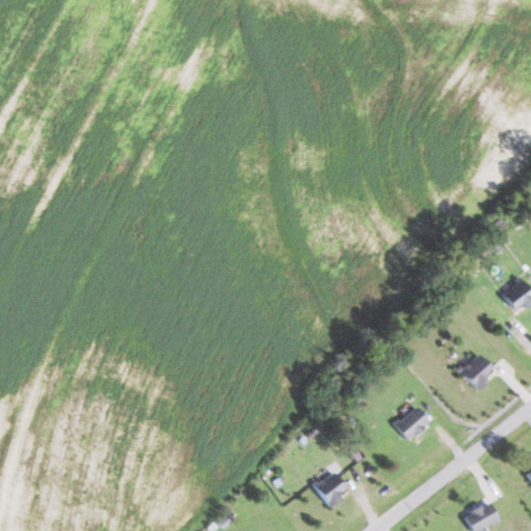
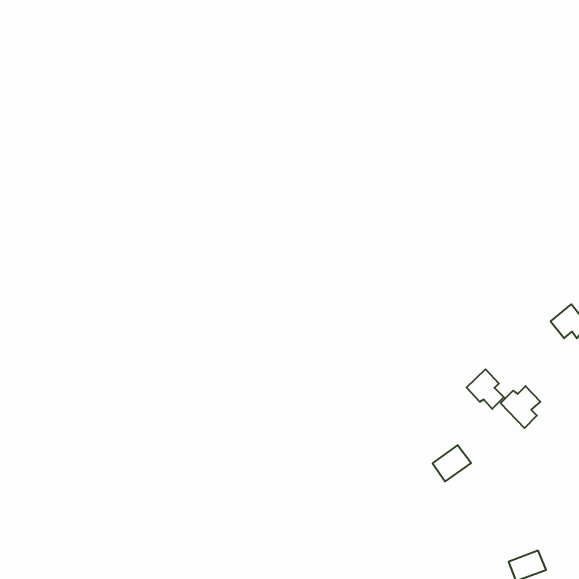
building: none -> [467,369,504,409]
building: [316,473,351,507] -> none

